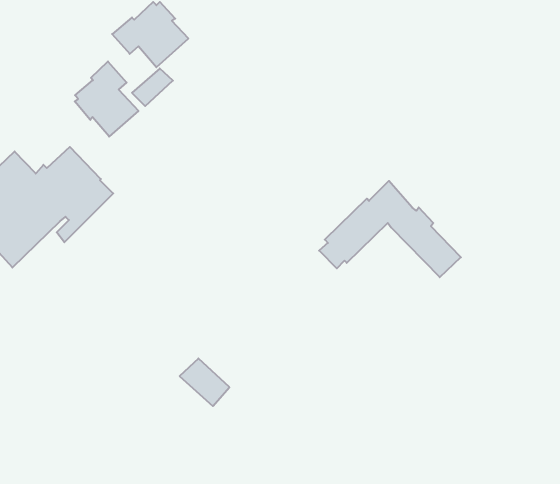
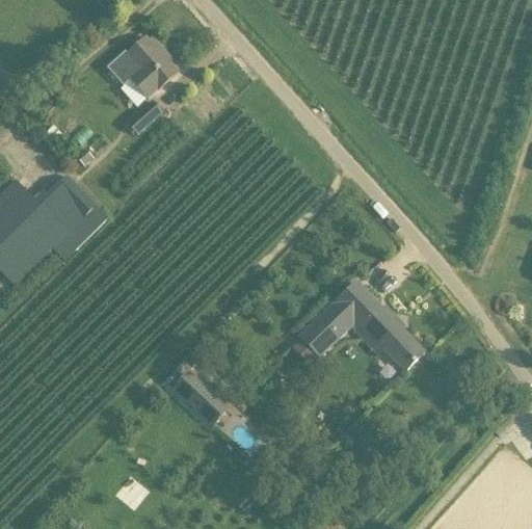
building: [75,61,138,137] -> none
building: [319,181,461,277] -> [291,281,424,371]

